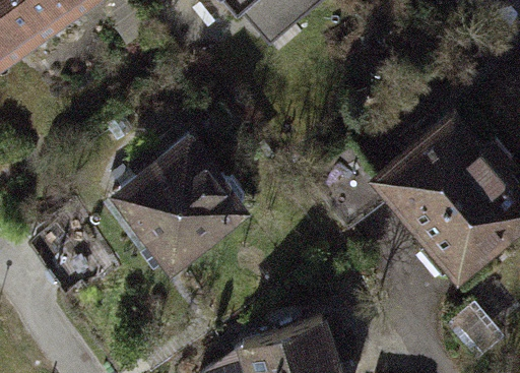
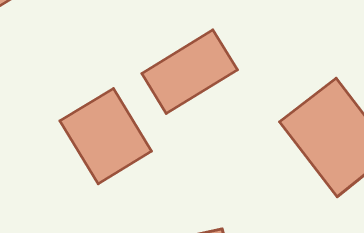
building: none -> [142,30,237,113]

